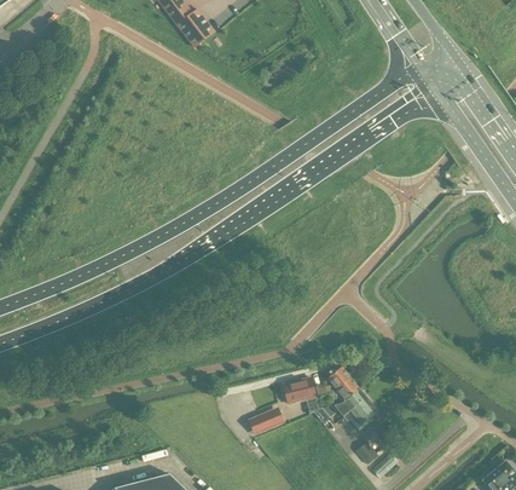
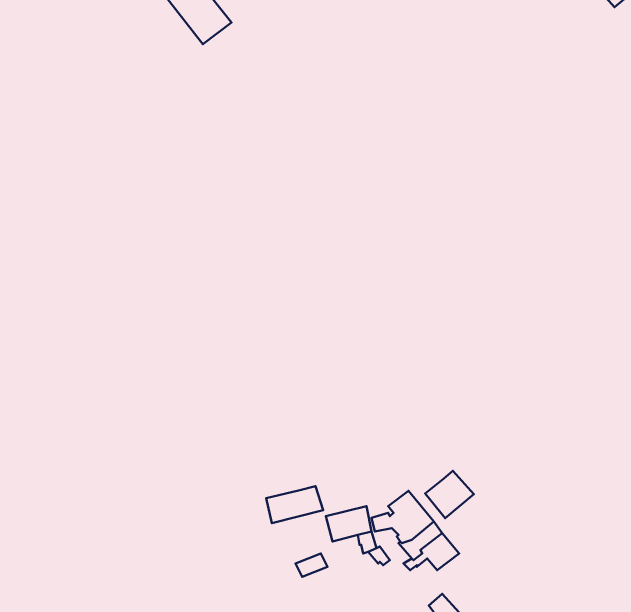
building: none -> [425,471,474,518]
building: none -> [266,486,323,523]

